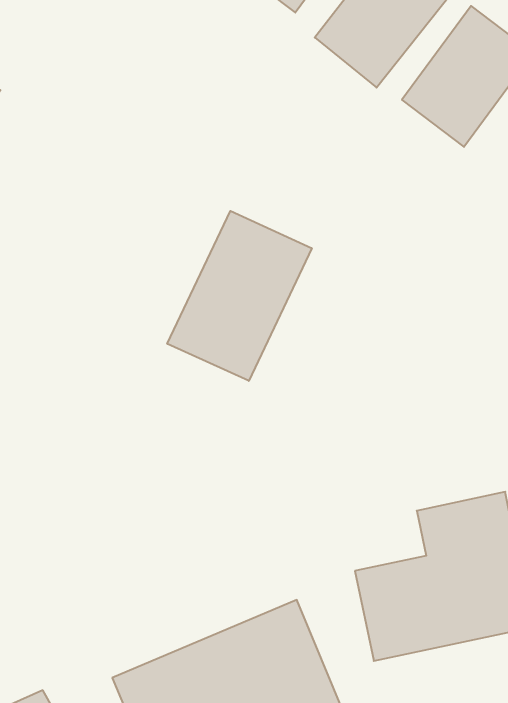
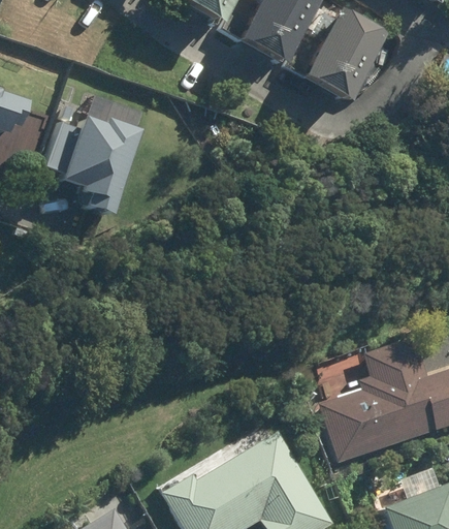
building: none -> [63,118,142,220]
building: [167,211,312,381] -> none

